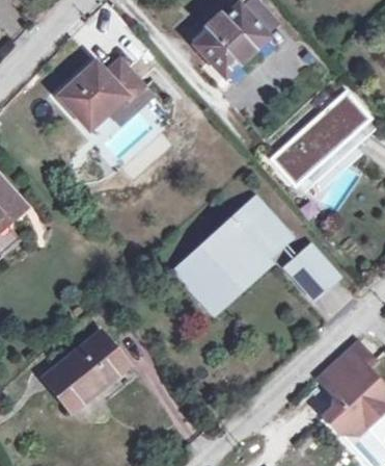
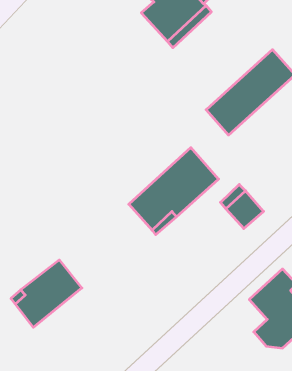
building: [59,61,141,127] -> none

